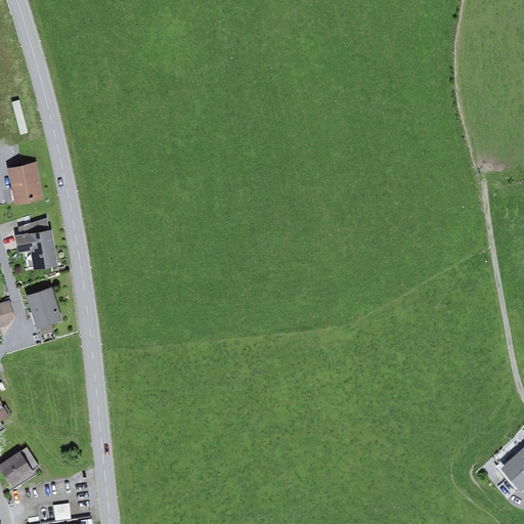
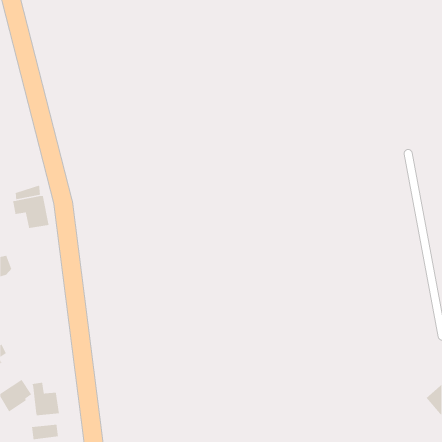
building: [6,164,42,205] -> none
building: [26,289,61,330] -> none
building: none -> [31,382,60,416]

